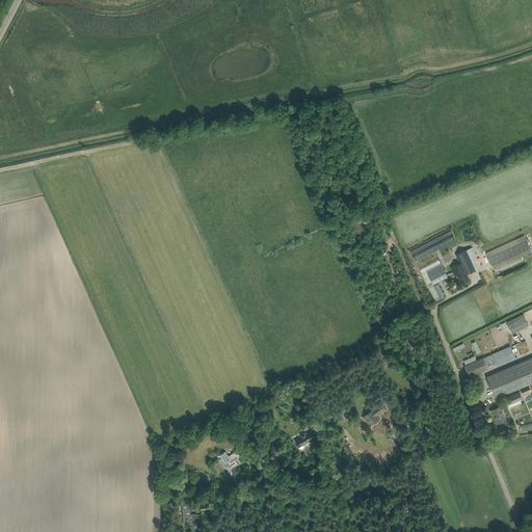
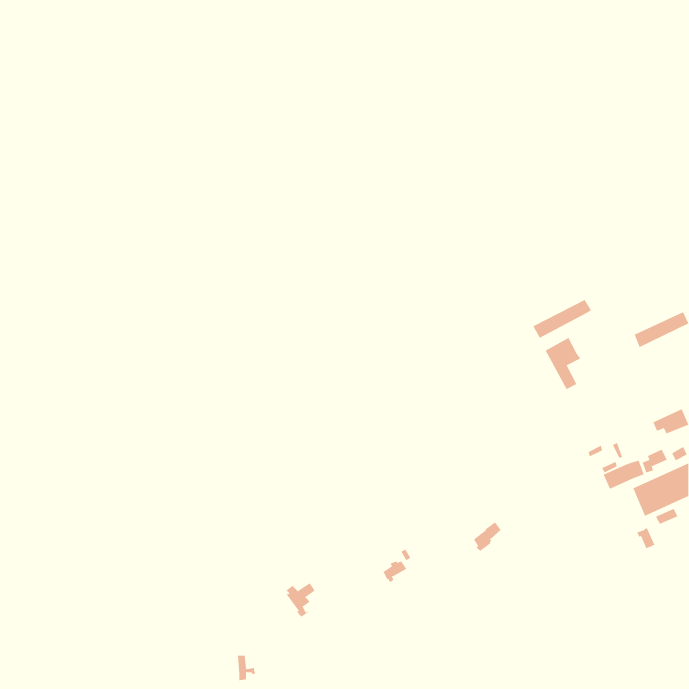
building: [451,247,481,283] -> none

